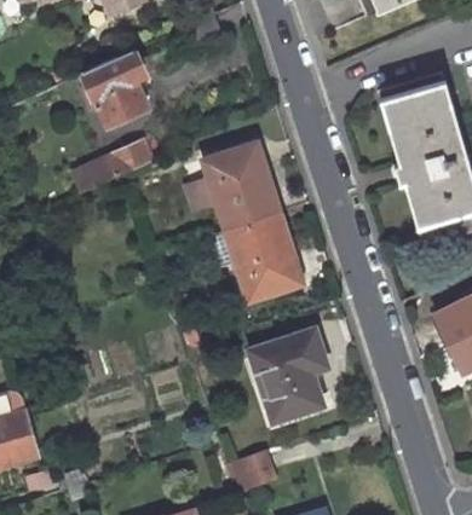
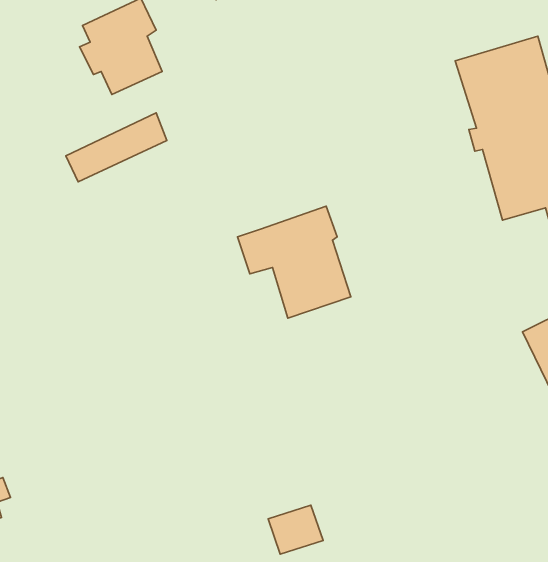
building: [202,145,277,231] -> none
building: [249,329,323,418] -> none

